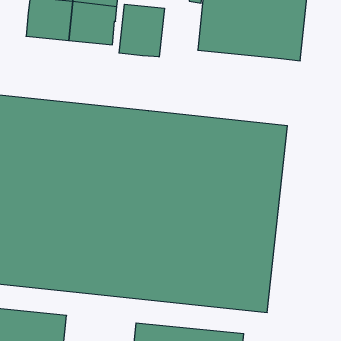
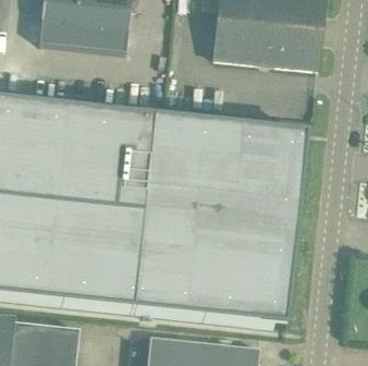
building: [119,4,164,57] -> none

